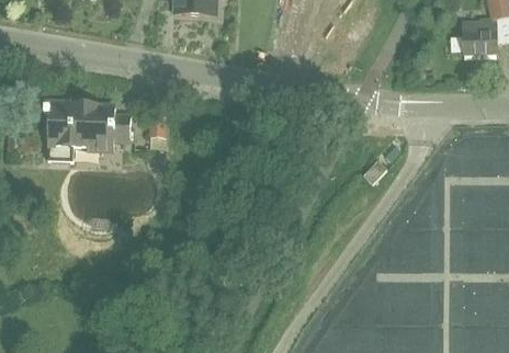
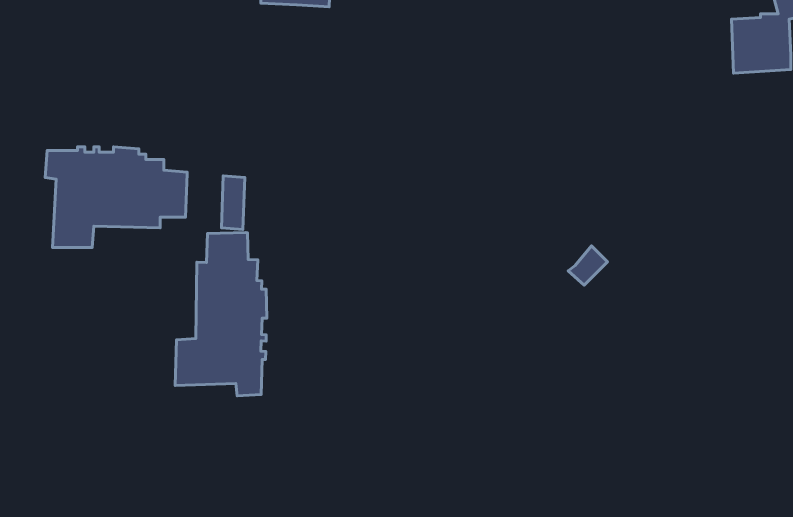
building: none -> [175,233,267,396]

